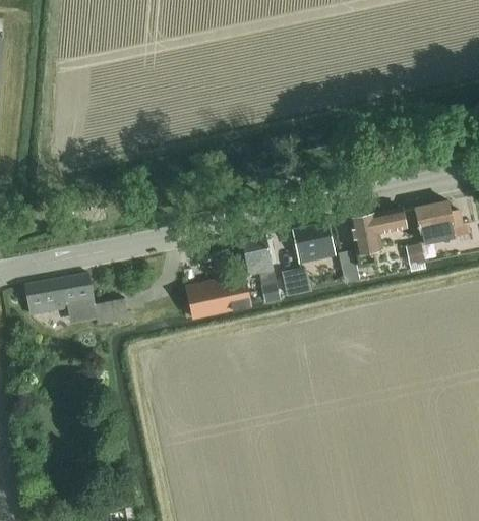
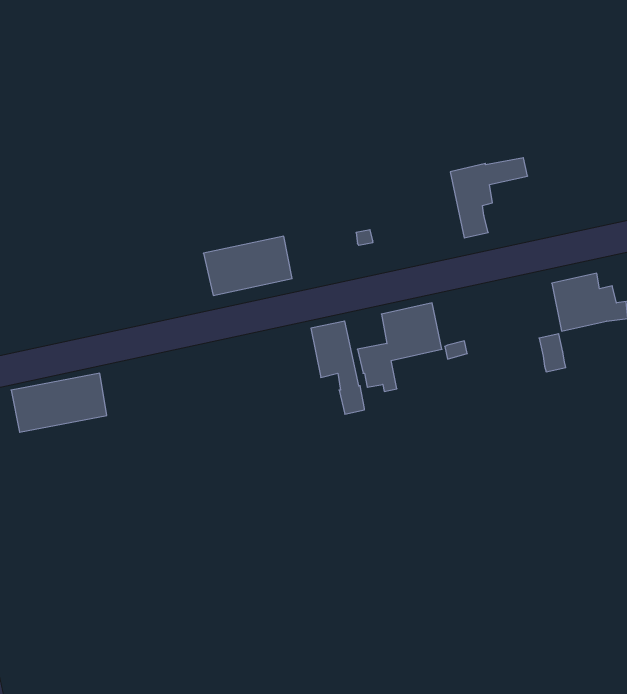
building: [349,209,405,267] -> [450,158,528,238]
building: [186,276,250,319] -> [203,236,292,295]
building: [93,299,128,326] -> none

